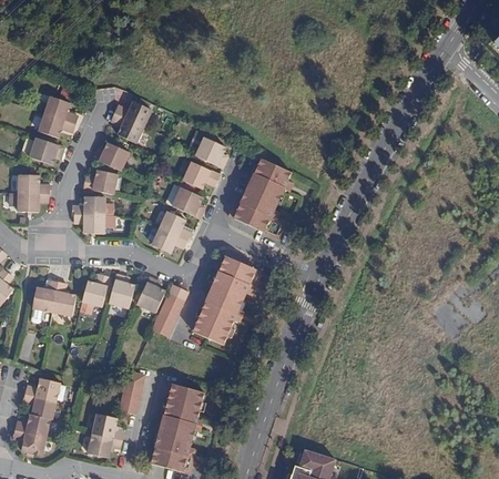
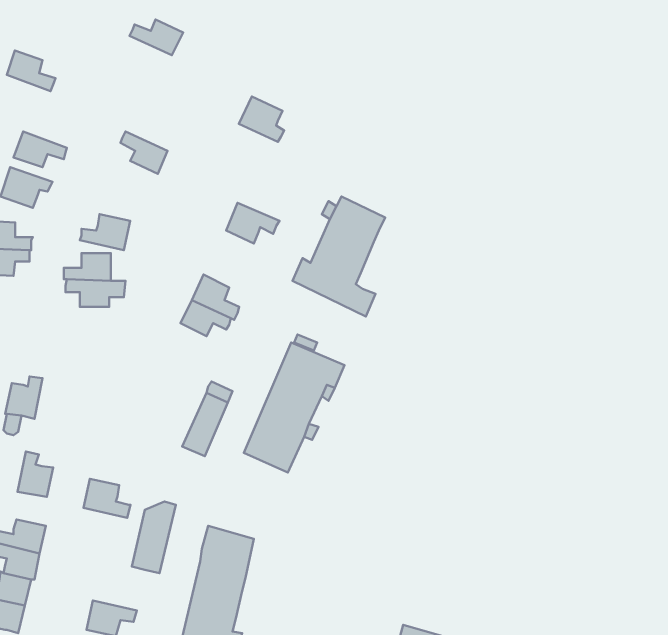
building: [44,96,78,124] -> [7,51,56,91]
building: [114,102,151,126] -> [130,19,183,55]
building: [195,137,226,169] -> [239,96,284,142]
building: [93,142,129,171] -> none
building: [172,187,203,218] -> none
building: [109,274,134,308] -> none
building: [82,275,110,307] -> none
building: [136,277,165,313] -> none
building: [52,282,77,313] -> [18,451,53,497]
building: [92,414,124,440] -> [83,479,131,518]

